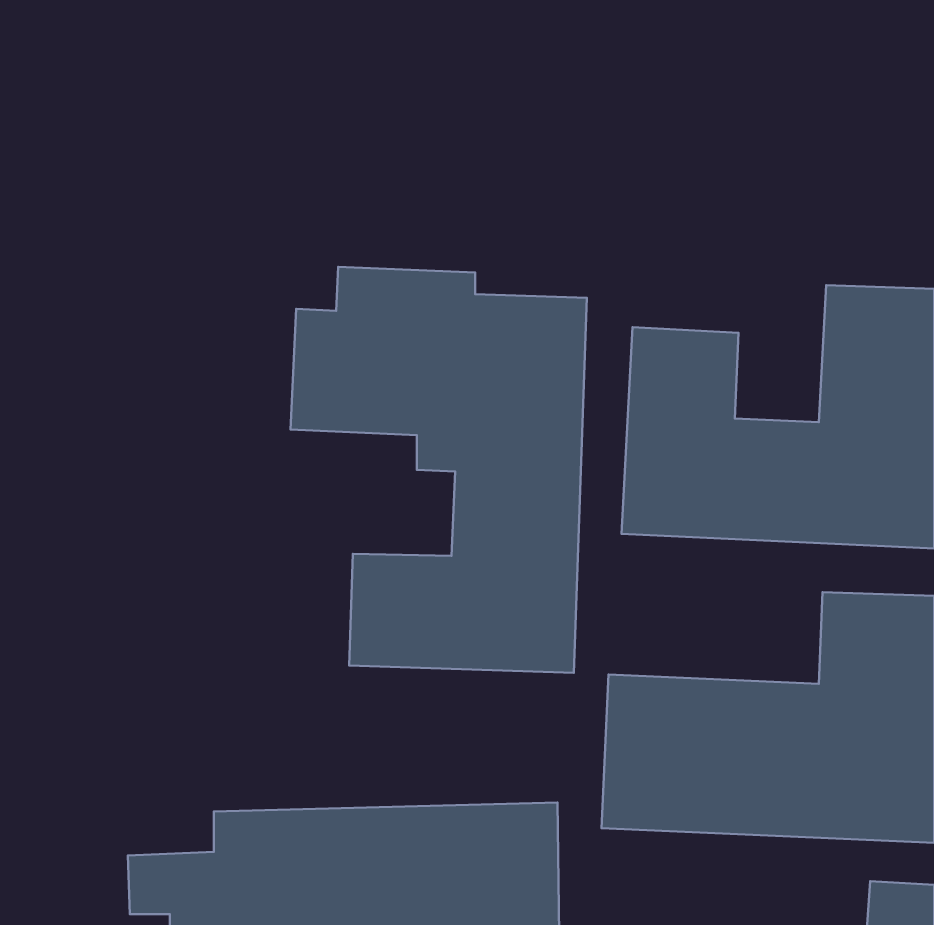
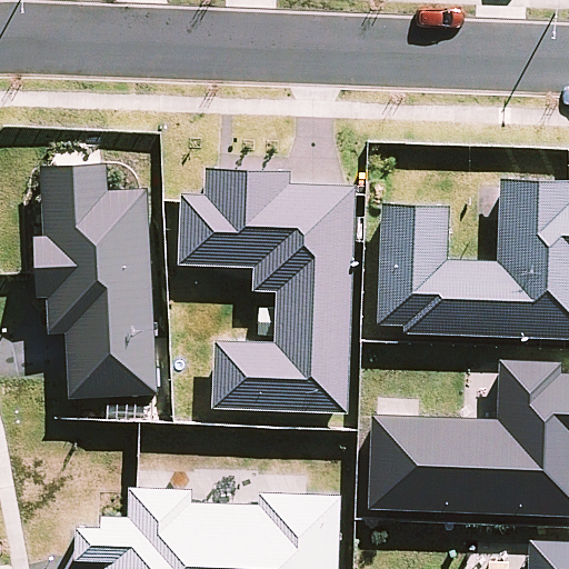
building: none -> [38,163,159,399]

